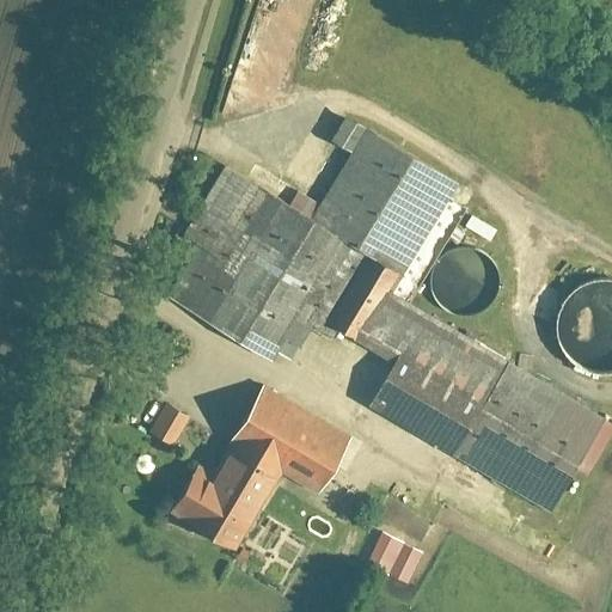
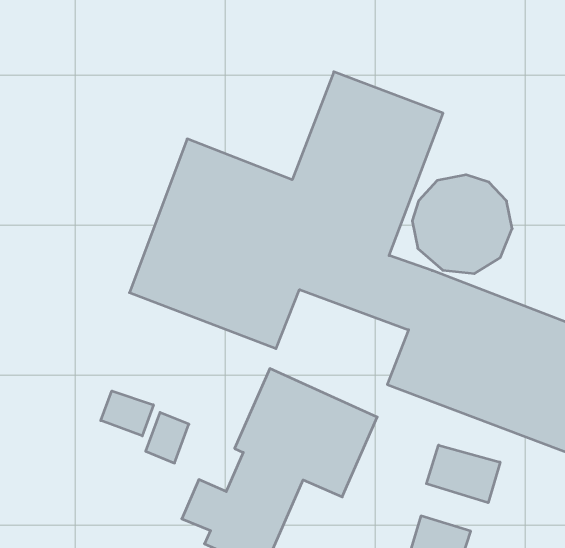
building: none -> [101,391,153,436]
building: none -> [426,445,500,503]

